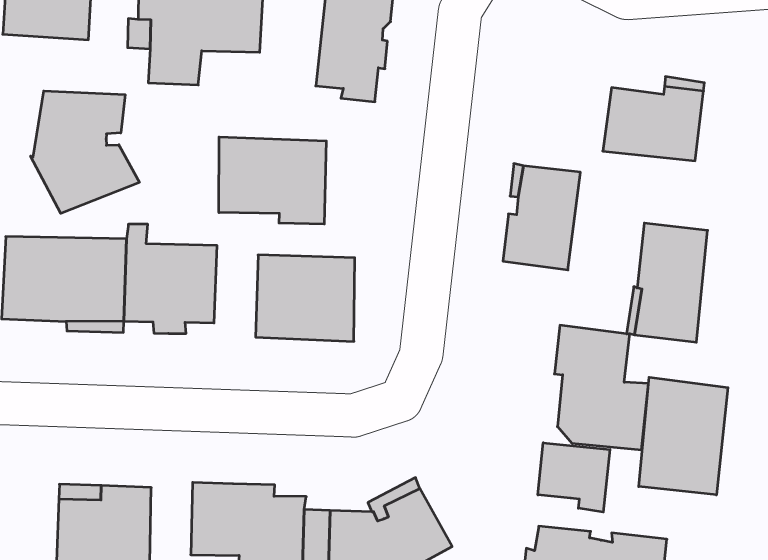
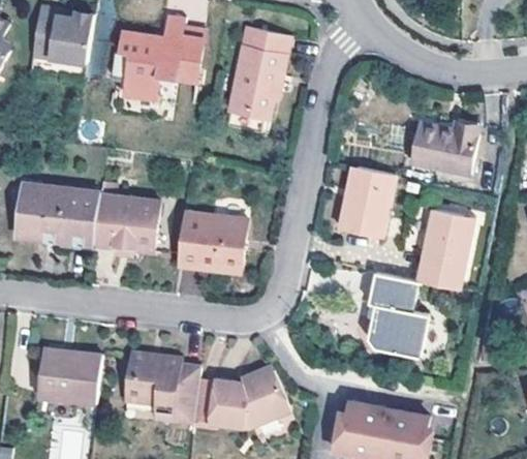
building: [31,91,139,213] -> none
building: [219,137,326,224] -> none
building: [639,377,728,495] -> none
building: [538,443,610,512] -> none

